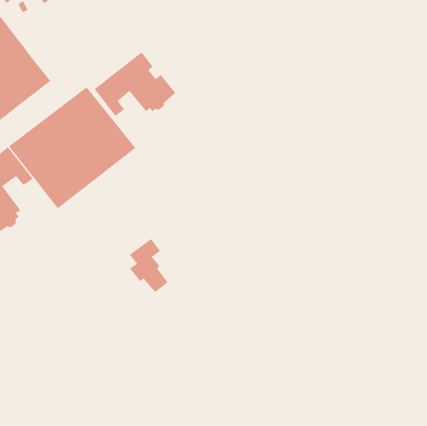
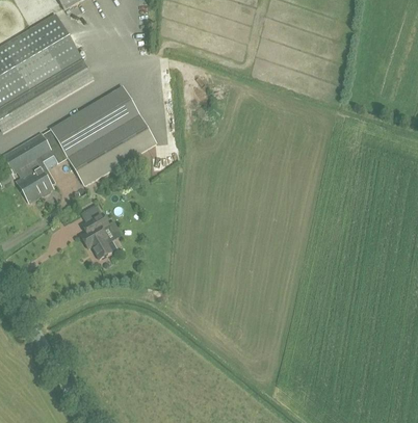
building: [94,52,176,117] -> none
building: [129,238,169,293] -> [80,212,111,258]

